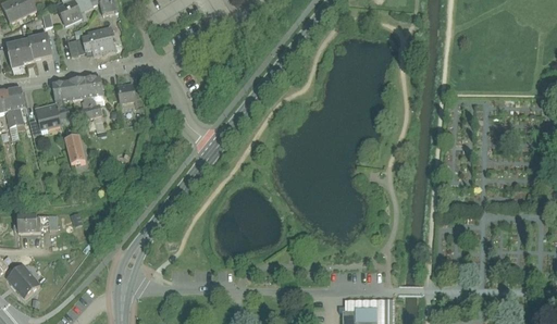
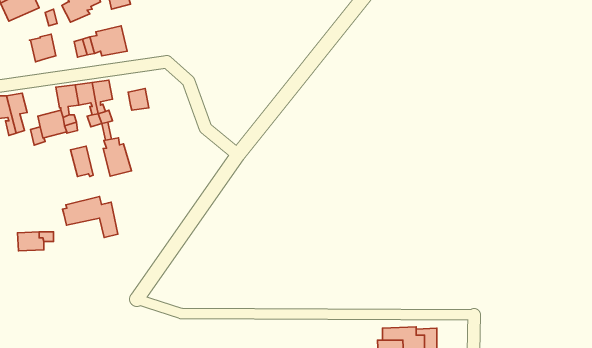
building: [5,40,33,67] -> none
building: none -> [103,138,131,176]
building: none -> [63,196,118,237]
building: [8,264,38,295] -> none

